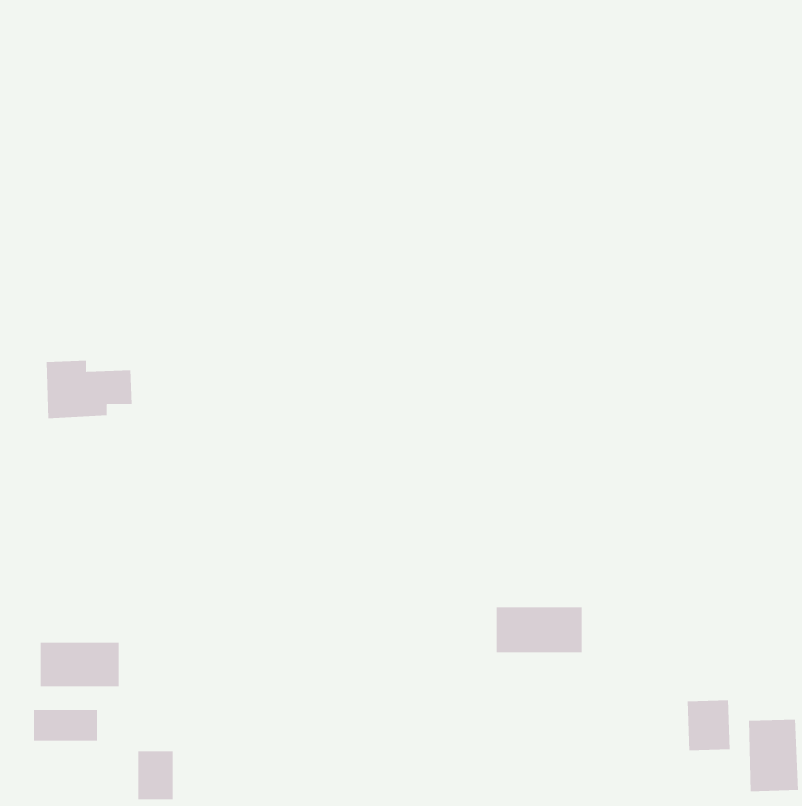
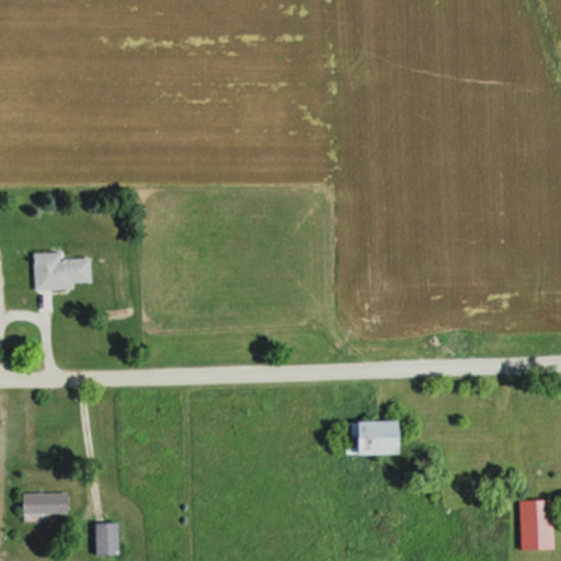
building: [40,642,119,687] -> none
building: [687,699,730,751] -> none

